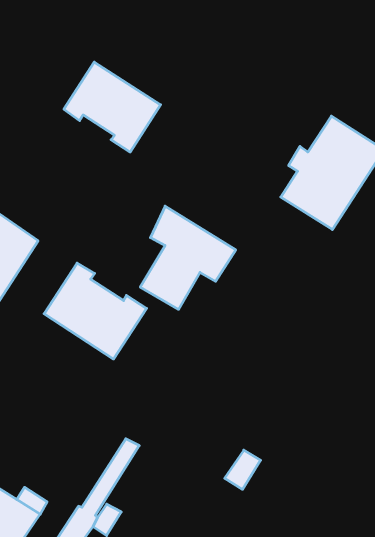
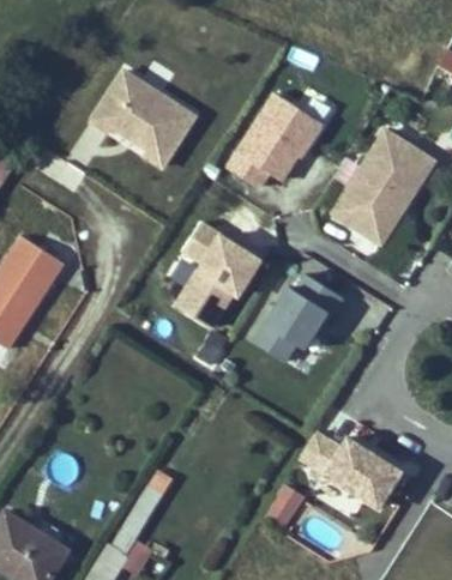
building: none -> [236,98,319,183]
building: none -> [252,273,337,365]
building: [44,263,147,359] -> none
building: none -> [324,436,411,515]

